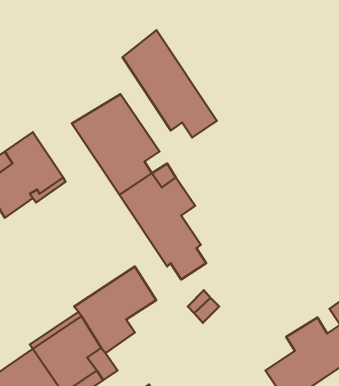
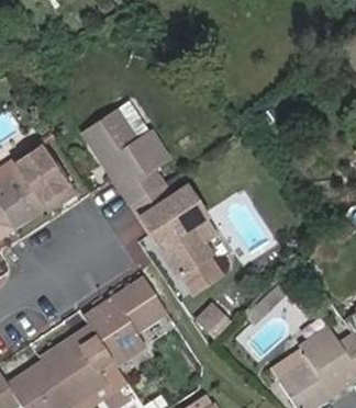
building: [123,30,217,137] -> none

